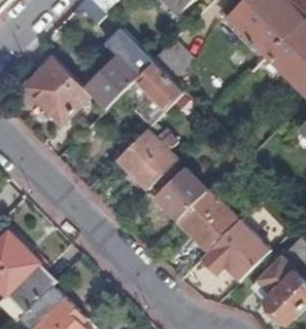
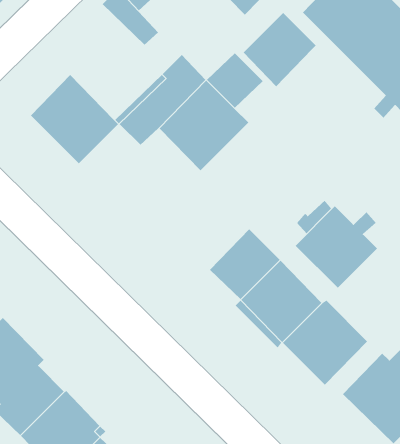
building: none -> [243,12,317,87]
building: [116,130,176,189] -> [295,206,378,289]

